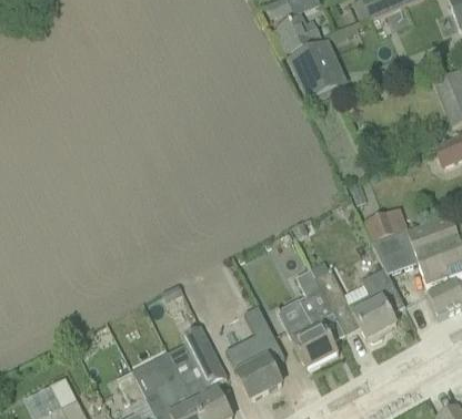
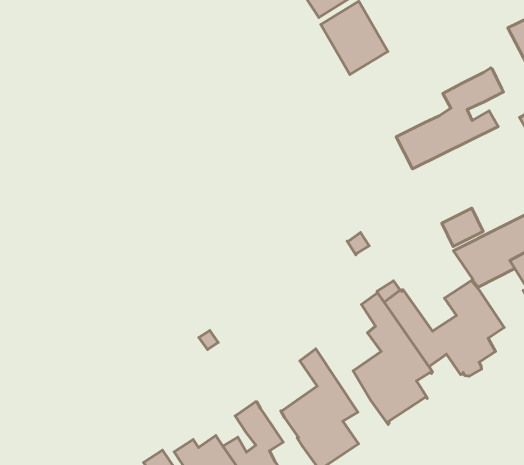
building: none -> [396,68,504,169]

